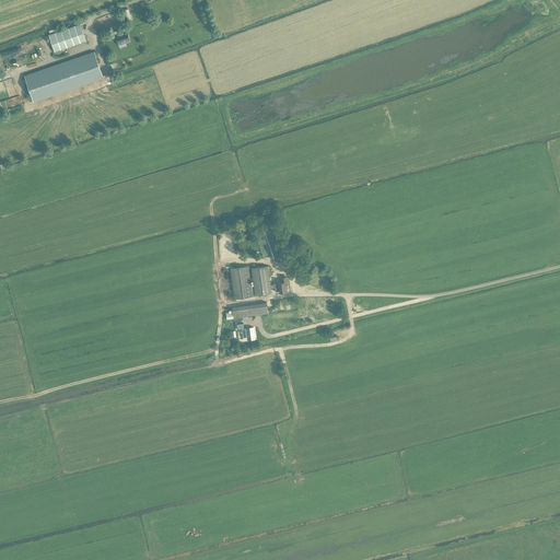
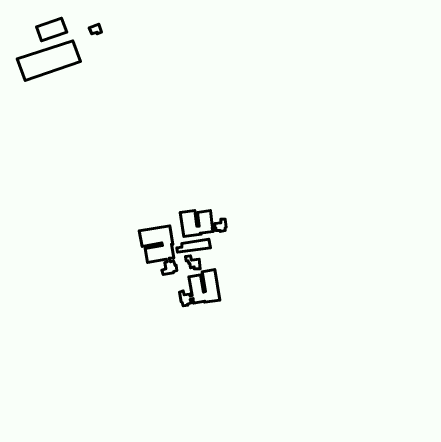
building: none -> [139,226,177,275]
building: none -> [179,269,220,306]

